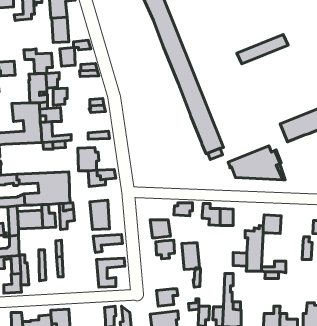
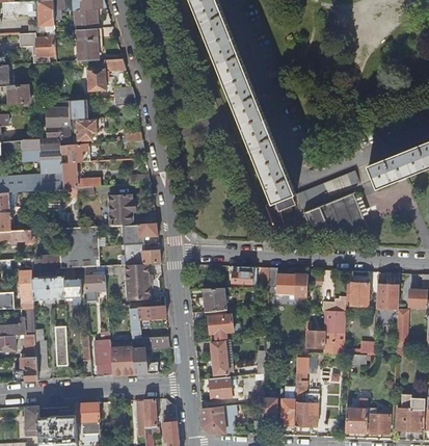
building: [237,35,288,64] -> [294,172,359,209]
building: [24,49,52,73] -> [19,32,55,63]
building: none -> [123,243,159,265]
building: none -> [376,283,398,310]
building: [182,243,200,270] -> [210,339,233,373]
building: none -> [118,326,135,375]
building: none -> [92,327,111,376]

